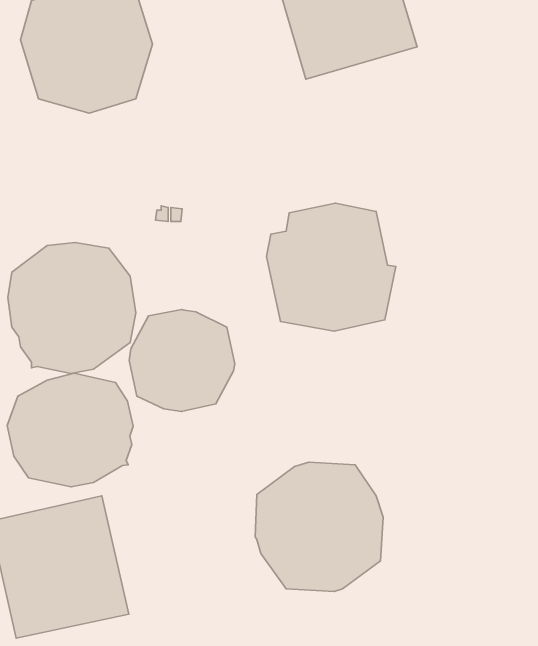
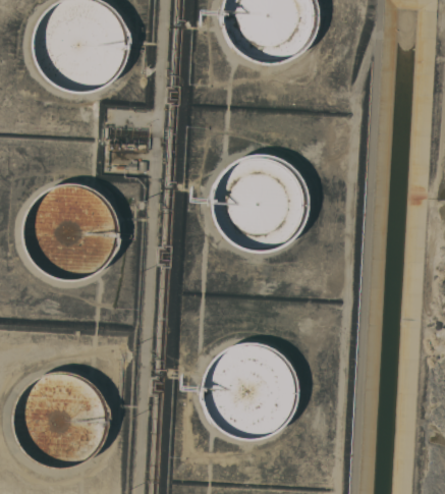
building: [129,309,235,412] -> none
building: [7,373,133,487] -> none

